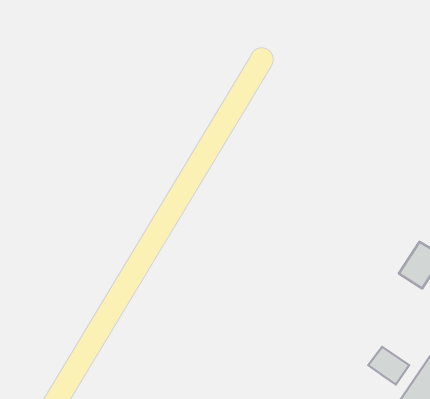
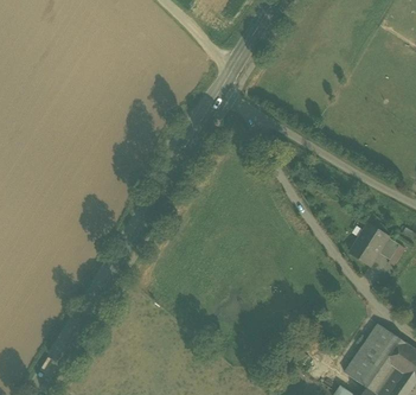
building: [368,347,409,385] -> none

